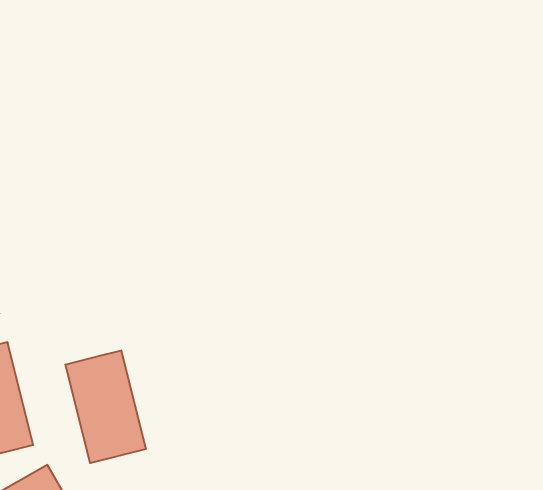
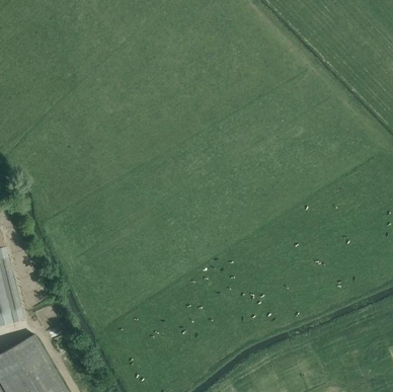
building: [65,350,146,463] -> none

